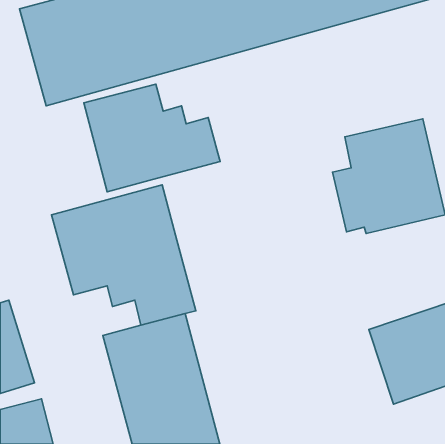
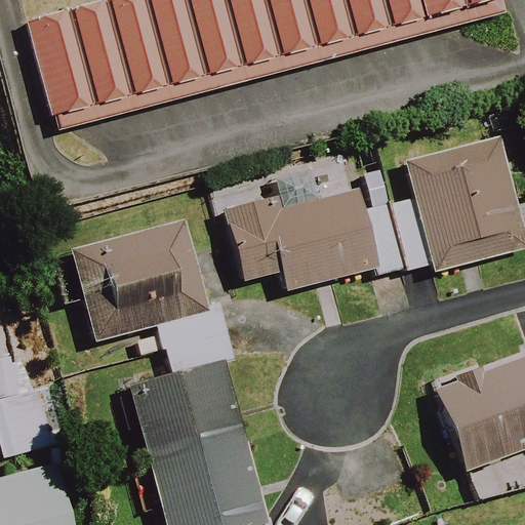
building: [84,84,220,192] -> none
building: none -> [228,187,410,289]

